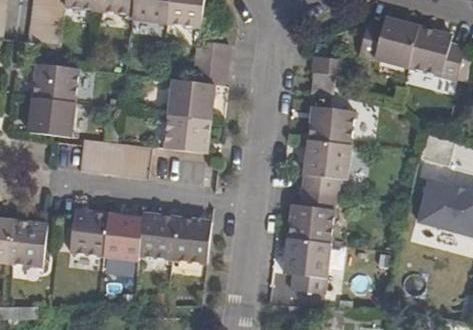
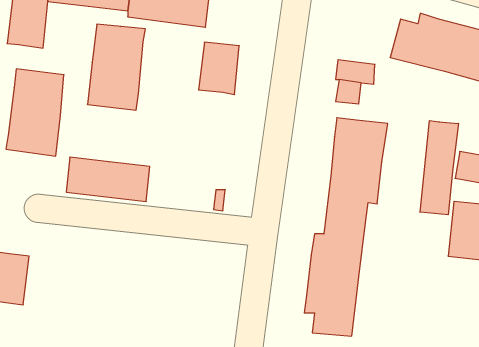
building: [164,80,214,154] -> [87,24,145,110]
building: none -> [420,121,458,215]
building: [69,210,210,263] -> none

